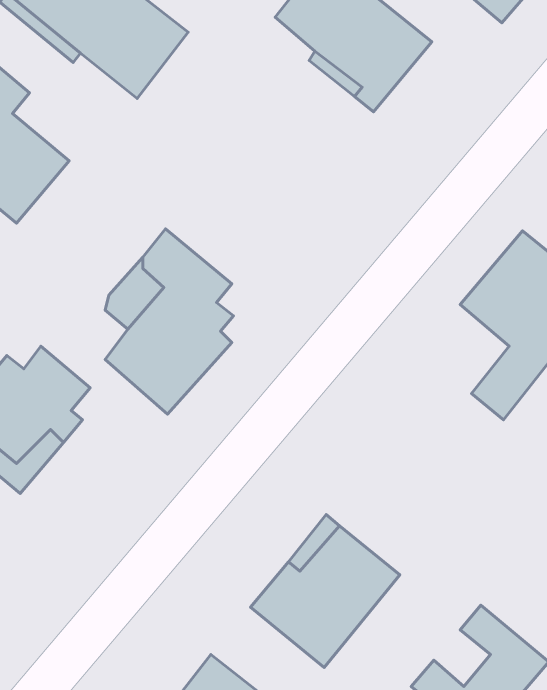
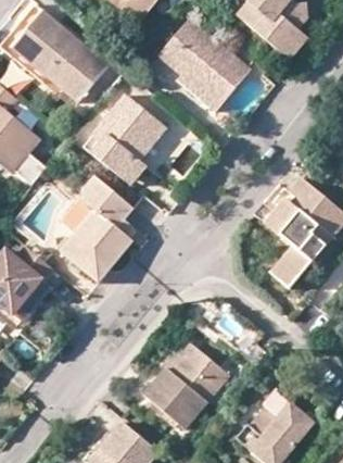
building: none -> [86,96,166,184]

